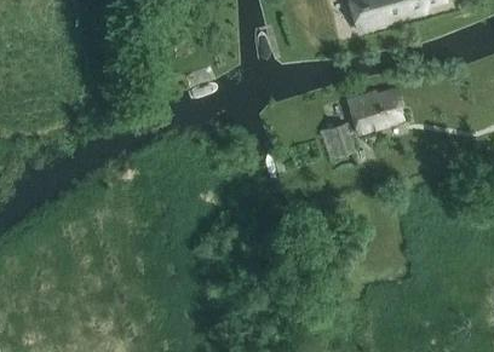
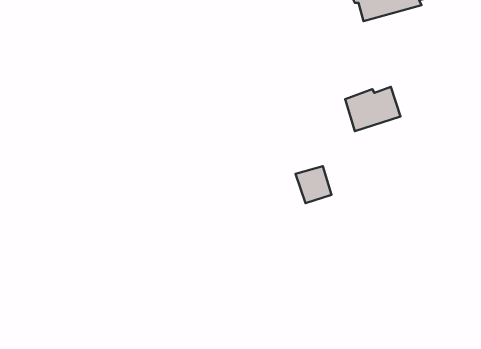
building: [321,122,356,158] -> [296,166,331,203]

